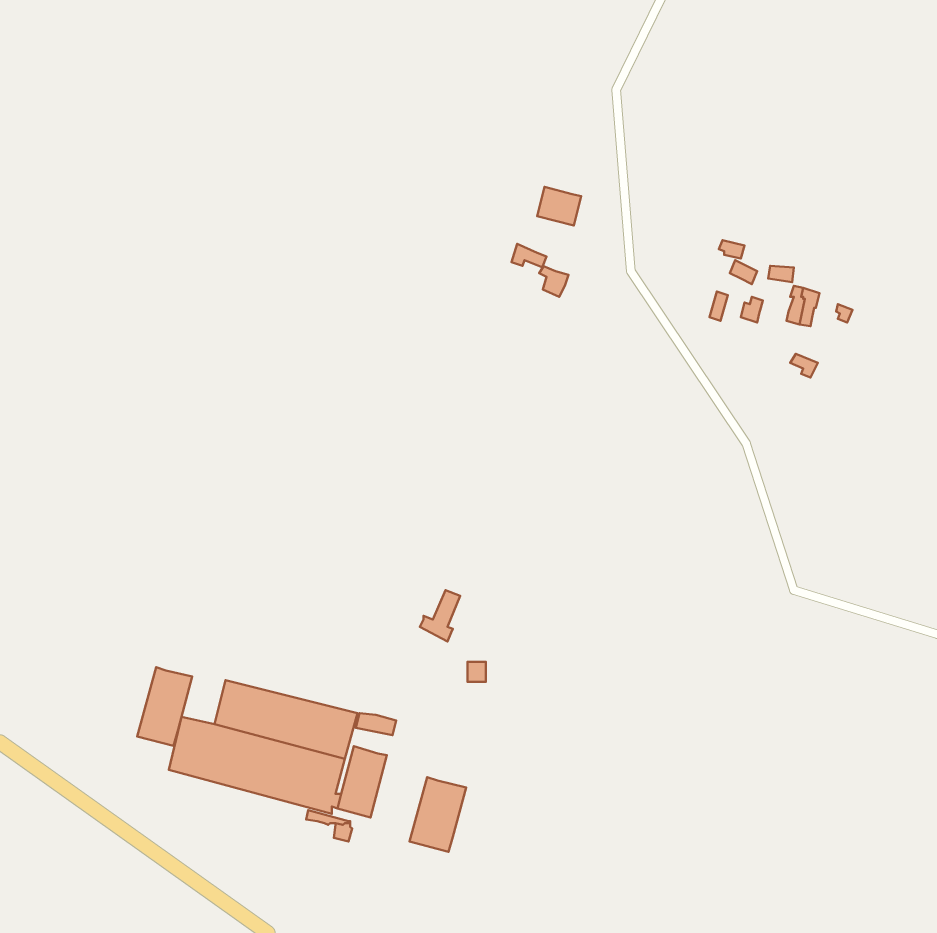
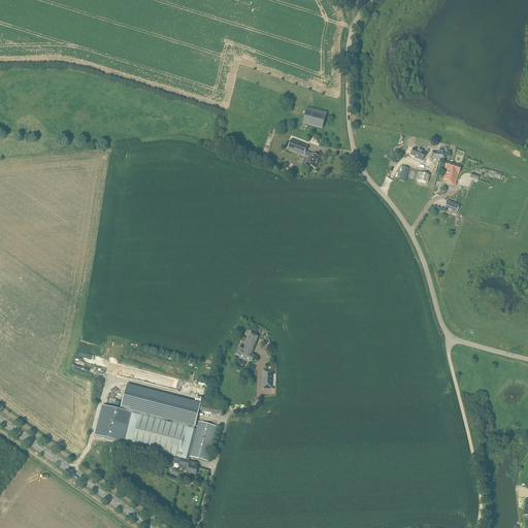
building: [137,667,192,746] -> none
building: [409,777,466,852] -> none

